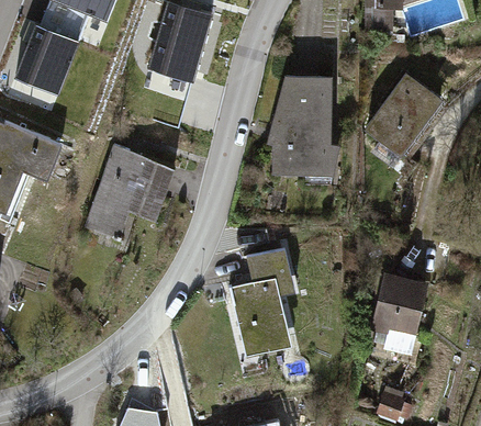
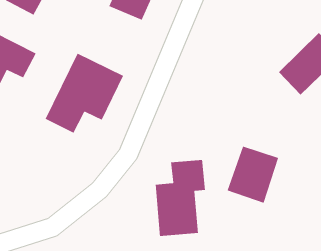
building: [268,76,344,179] -> none
building: [370,273,430,343] -> [226,145,279,204]

